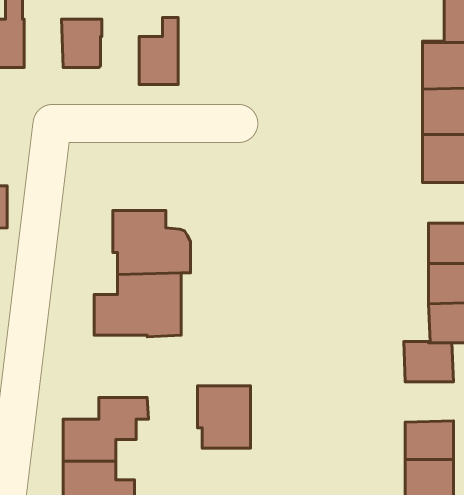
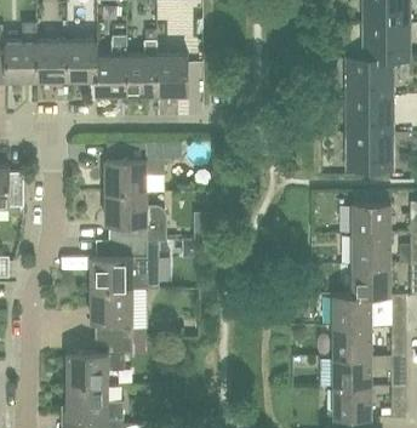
building: none -> [95,38,126,96]
building: none -> [36,44,67,81]
building: none -> [156,57,188,95]
building: none -> [105,143,182,193]
building: none -> [333,326,371,358]
building: [198,386,250,448] -> [91,290,132,338]

